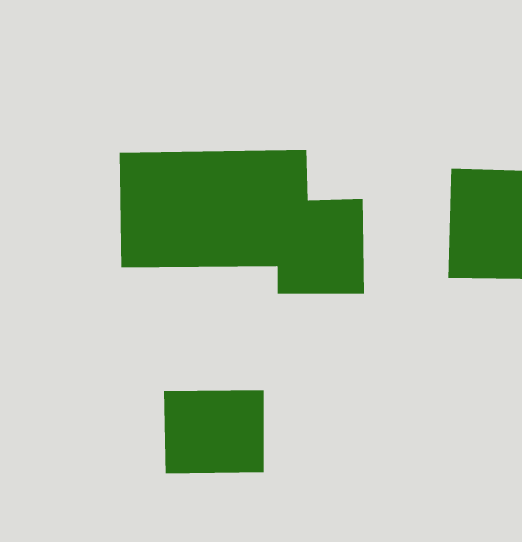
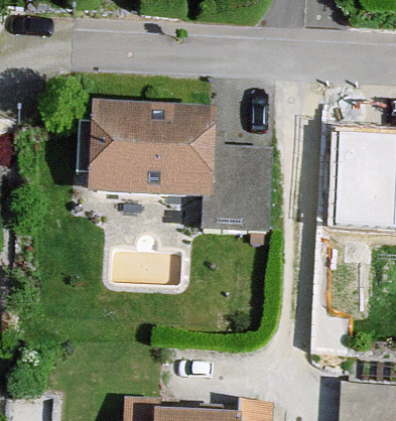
building: [164,389,264,474] -> none

